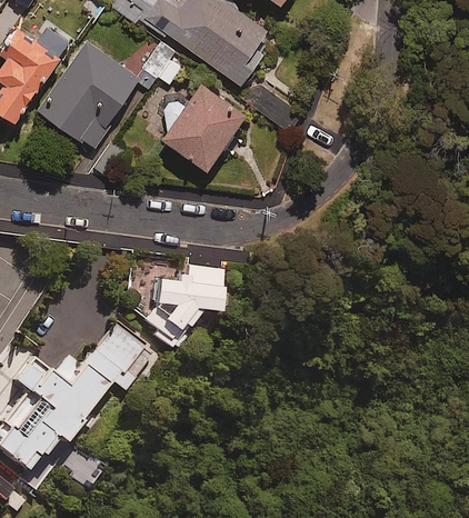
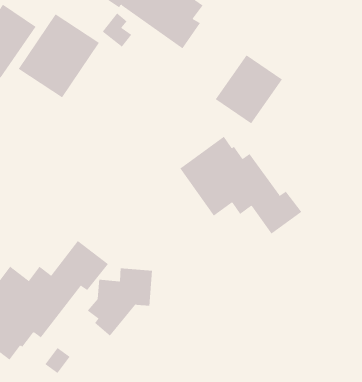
building: [164,84,249,171] -> [215,54,283,124]
building: none -> [179,136,302,235]
building: [140,267,222,352] -> [87,268,153,336]

